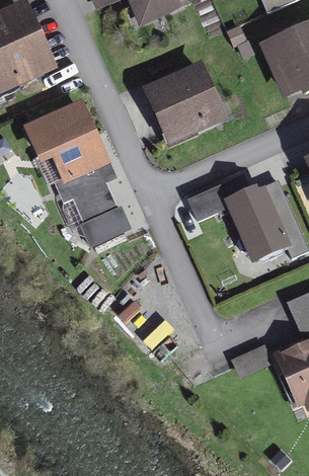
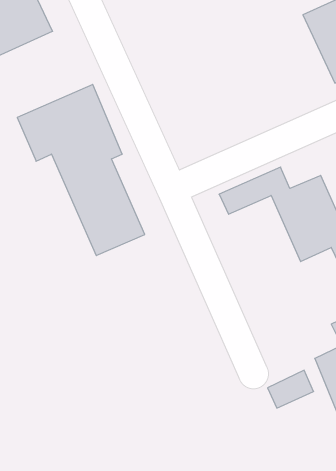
building: [151,65,220,132] -> none

